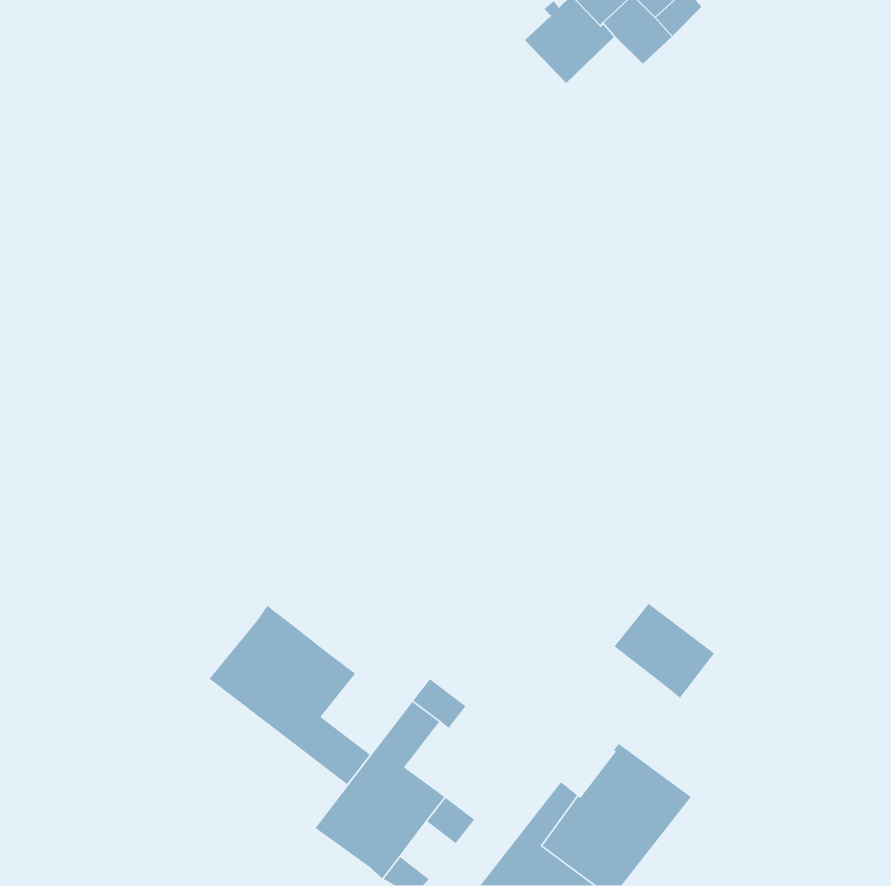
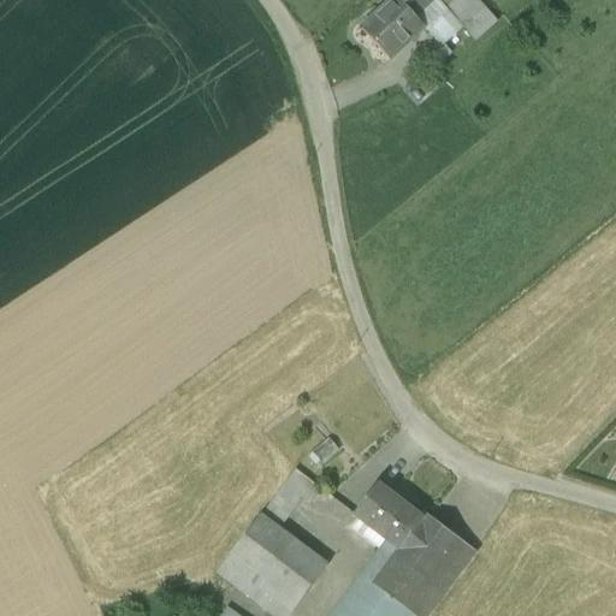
building: [614,603,715,699] -> [355,482,425,549]
building: [209,605,371,785] -> none
building: none -> [277,565,315,605]

